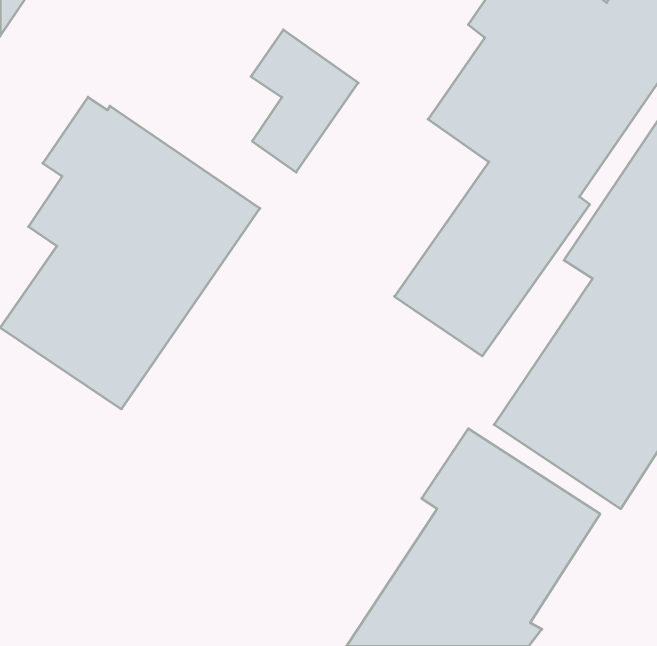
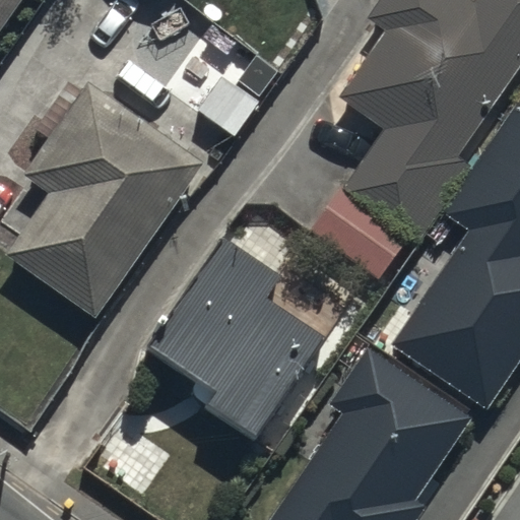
building: none -> [149,240,328,448]

